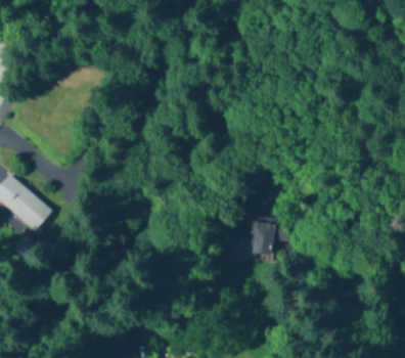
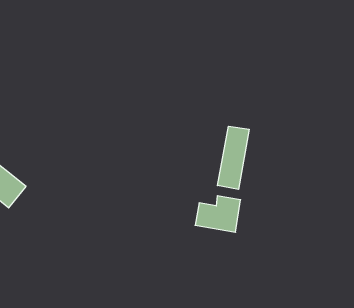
building: none -> [217,126,249,189]

